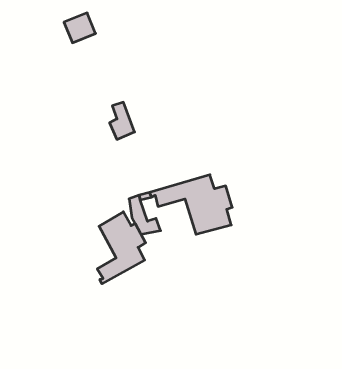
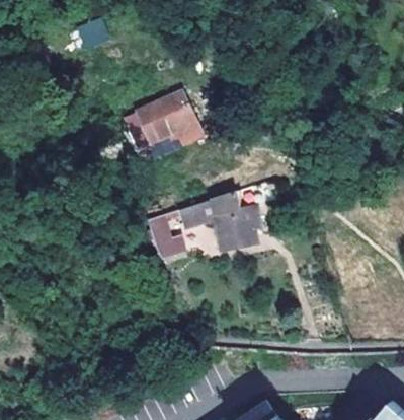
building: none -> [140,94,192,146]
building: [97,212,146,284] -> none

